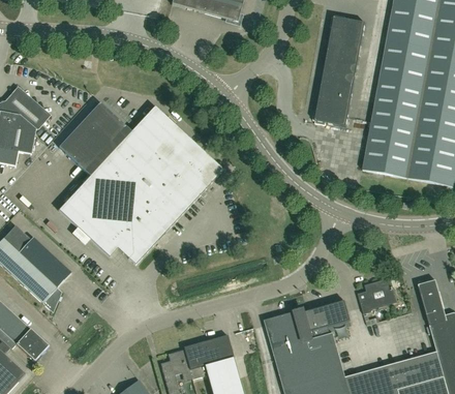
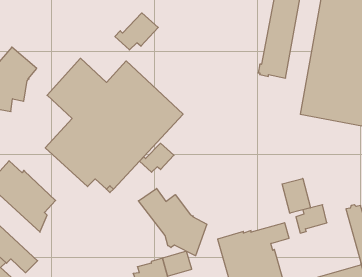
building: none -> [115,13,158,50]
building: none -> [140,143,174,172]
building: none -> [282,178,310,213]
building: none -> [138,188,207,256]

